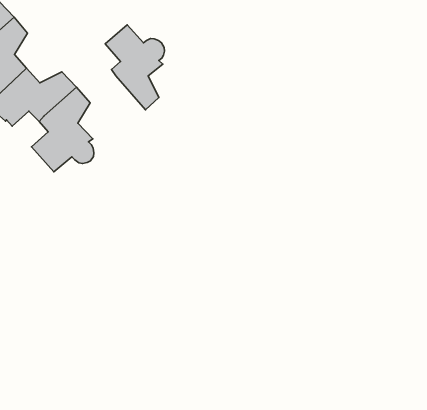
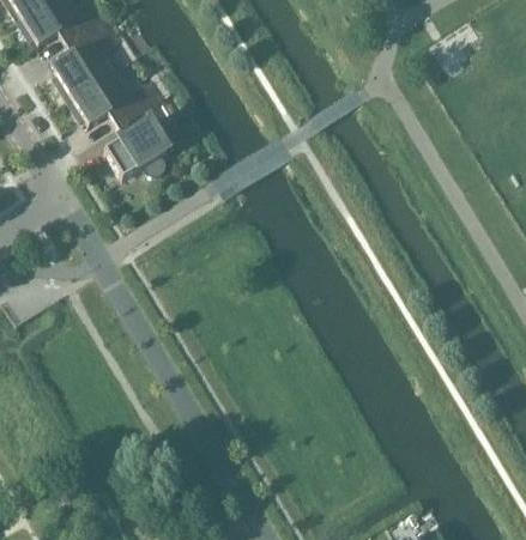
building: [105,25,165,110] -> none

